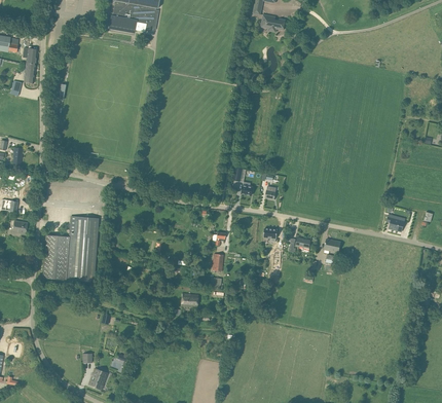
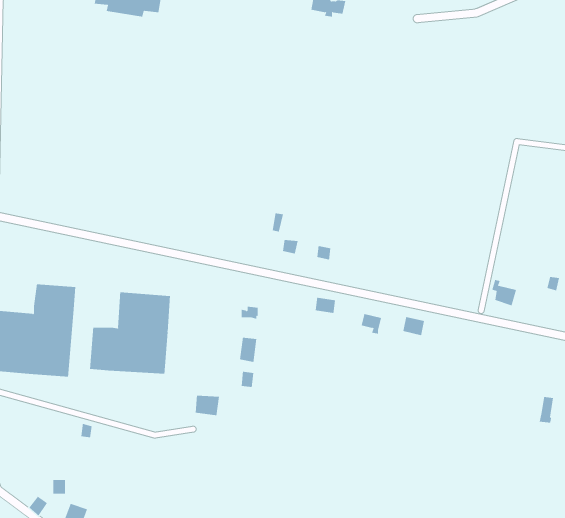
building: none -> [90,292,170,374]

